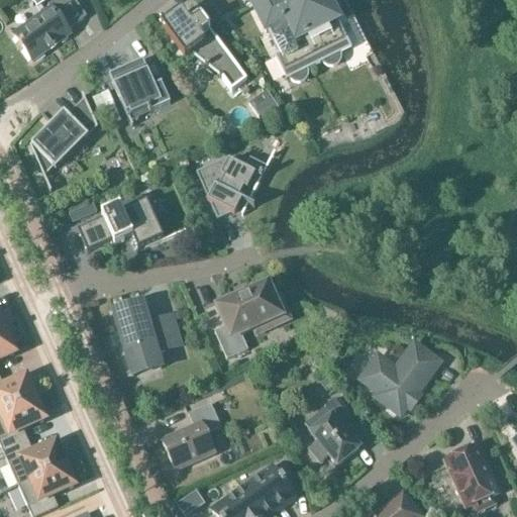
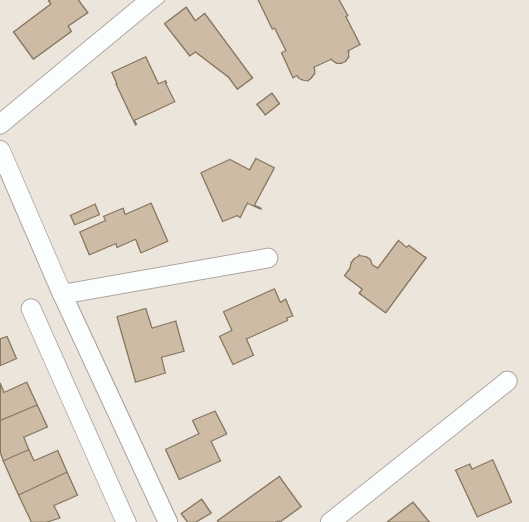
building: [30,91,98,188] -> none
building: [360,342,440,413] -> [345,240,426,313]
building: [310,395,359,462] -> none

